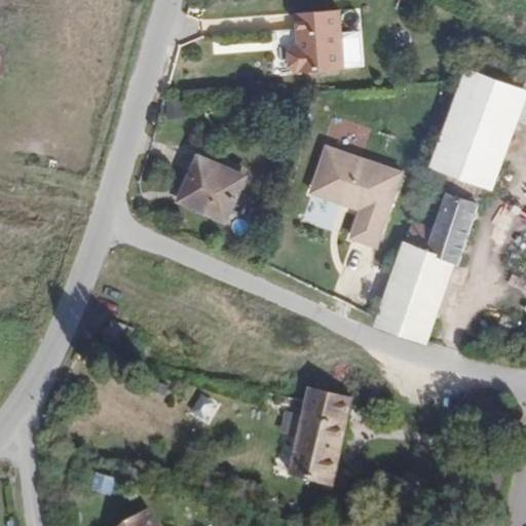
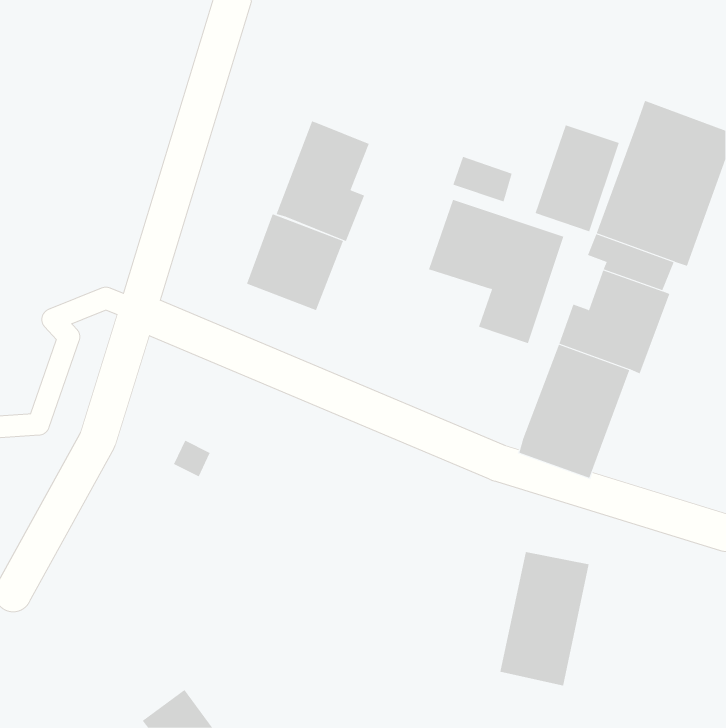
building: [287,9,342,72] -> none
building: none -> [276,121,370,242]
building: none -> [535,125,619,232]
building: [288,391,352,488] -> [499,551,590,686]

